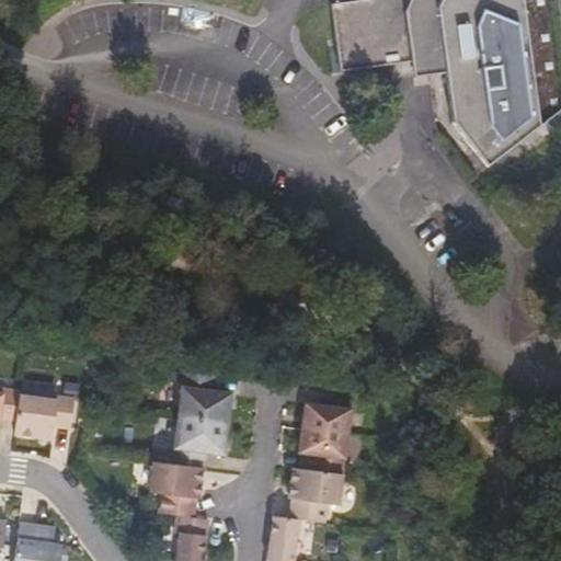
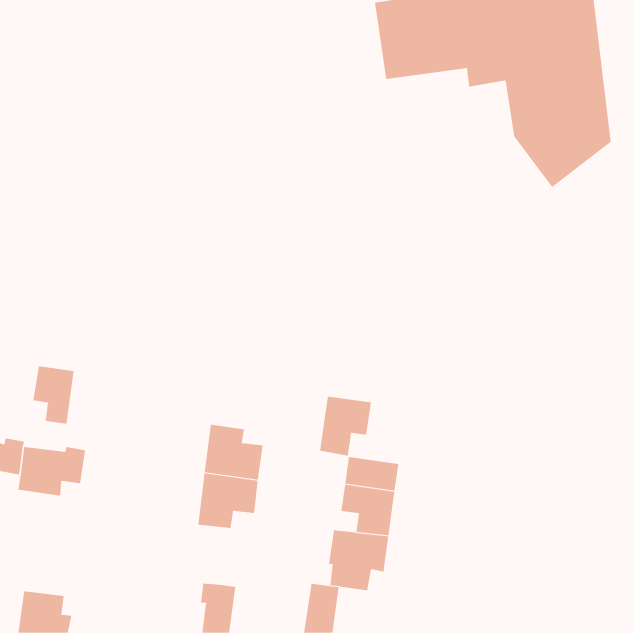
building: none -> [33,366,74,425]
building: none -> [320,396,371,456]
building: [150,459,204,515] -> none

